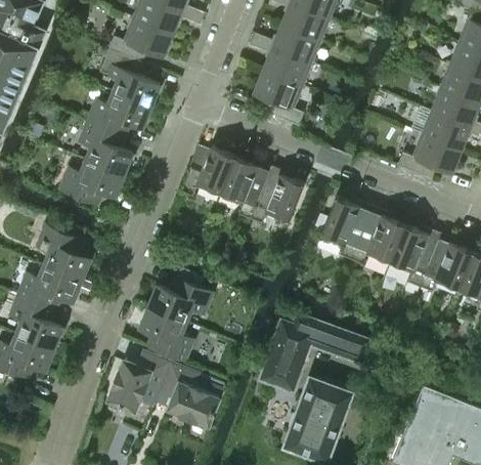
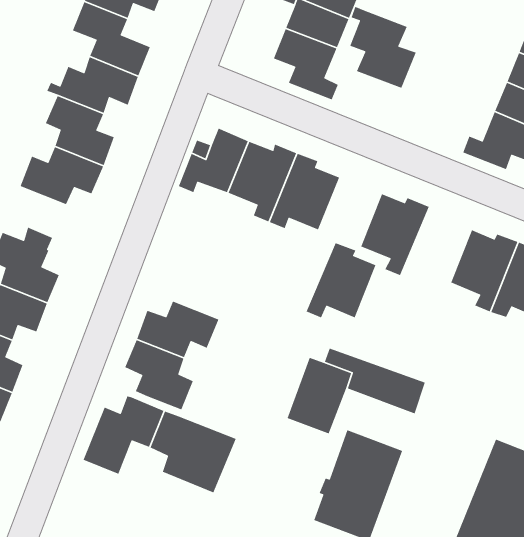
building: none -> [349,6,417,89]
building: [350,207,404,265] -> [306,242,377,319]

